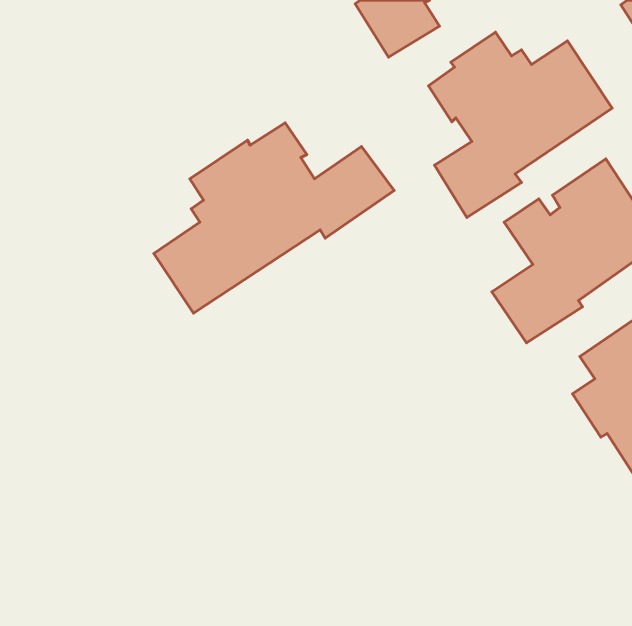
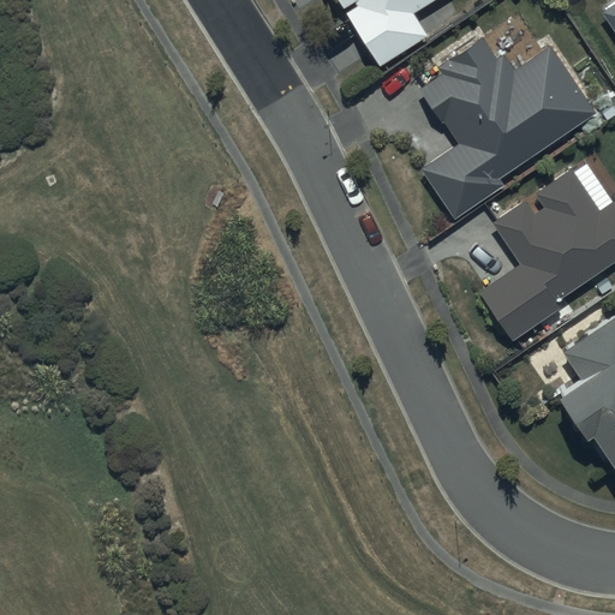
building: [154,123,394,313] -> none

